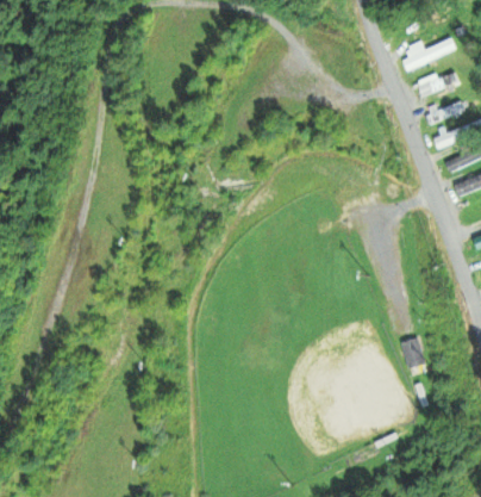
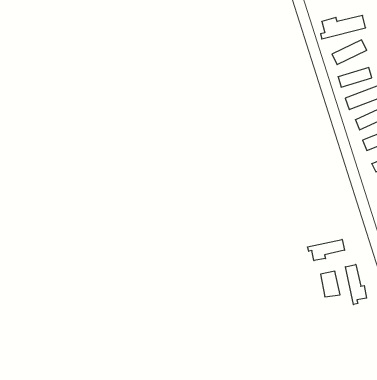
building: none -> [308,239,345,261]
building: none -> [345,264,367,305]

